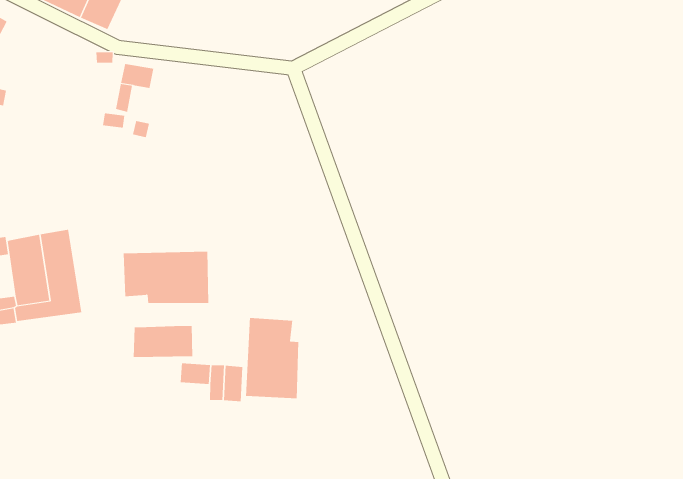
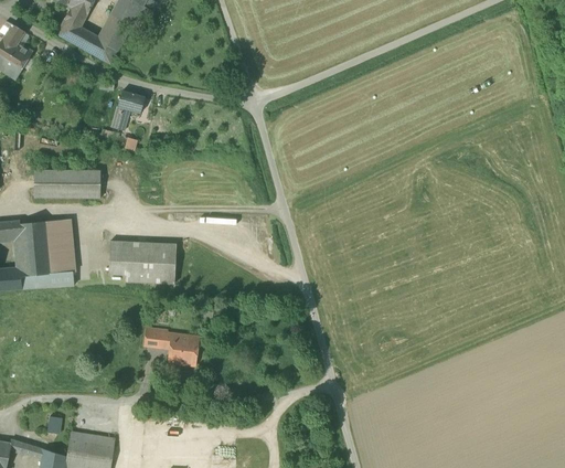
building: none -> [34,170,100,198]
building: [245,317,299,399] -> none
building: [129,325,193,358] -> none

